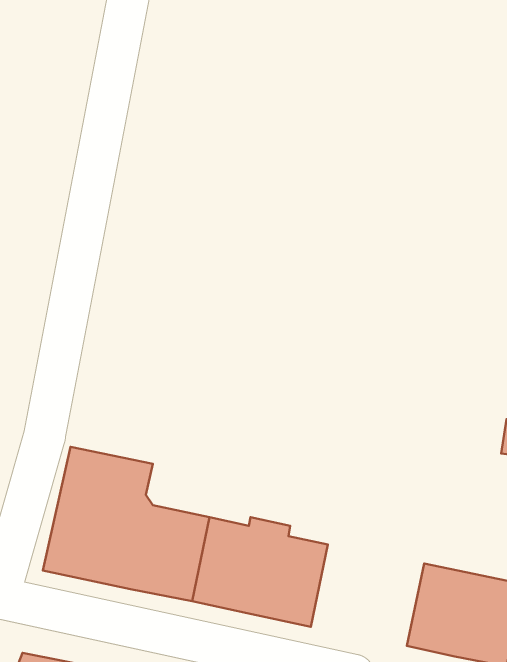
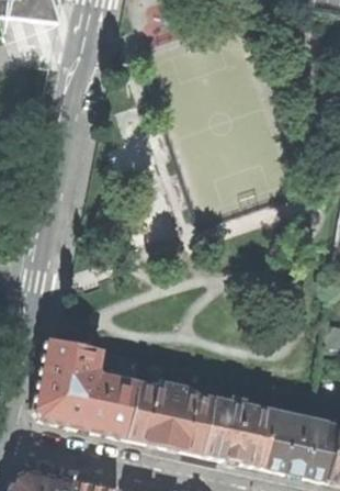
building: none -> [202,400,274,465]

